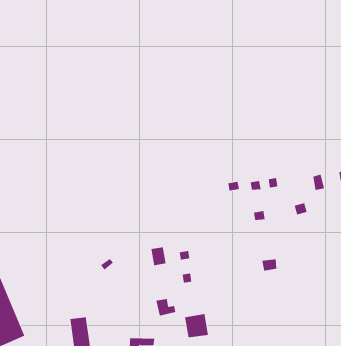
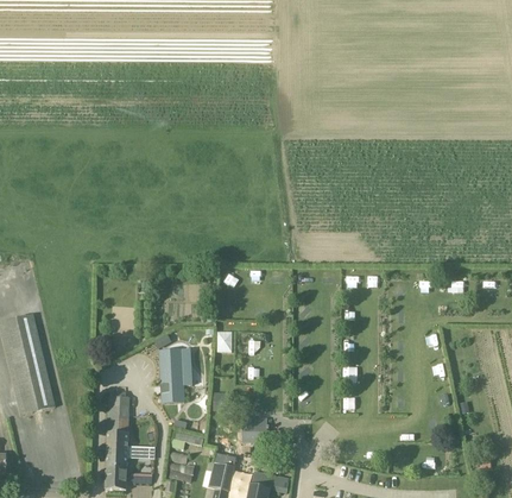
building: none -> [159,347,192,402]

